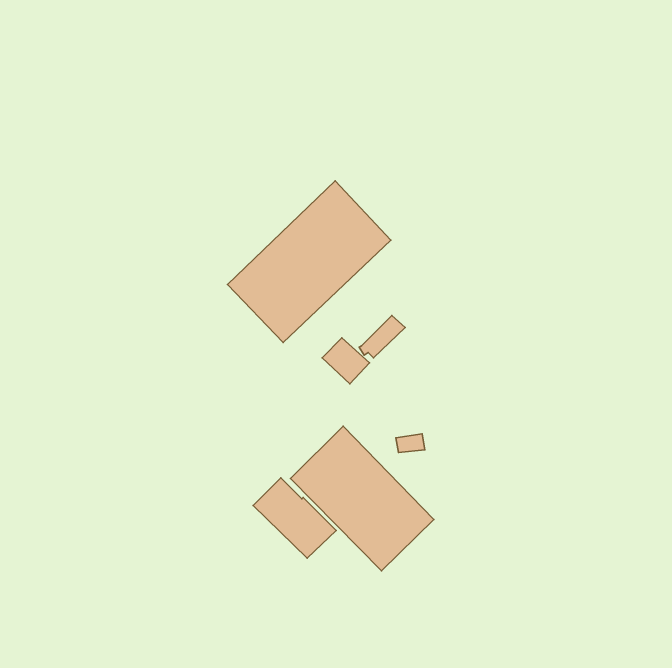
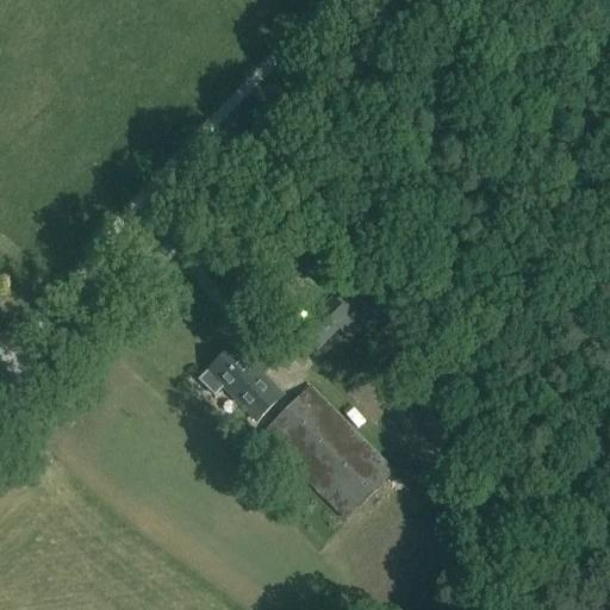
building: [228,181,391,342] -> none
building: [253,478,336,558] -> [207,346,282,418]

